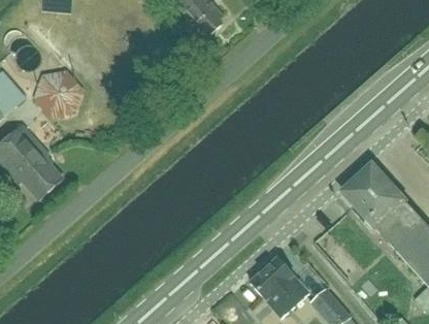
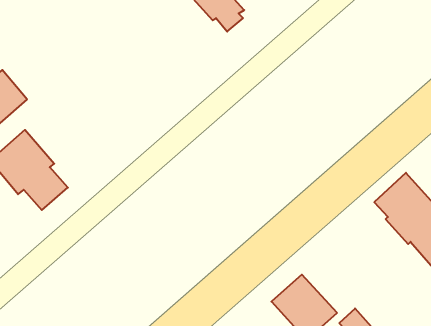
building: [33,69,84,117] -> none

